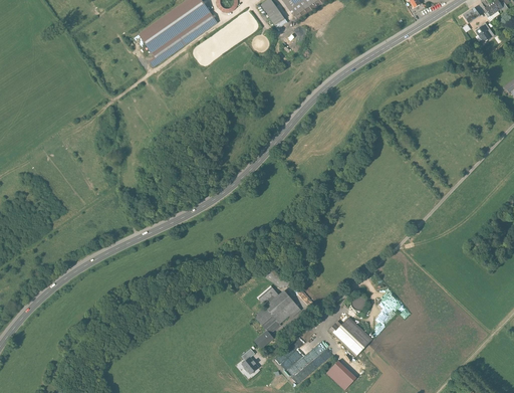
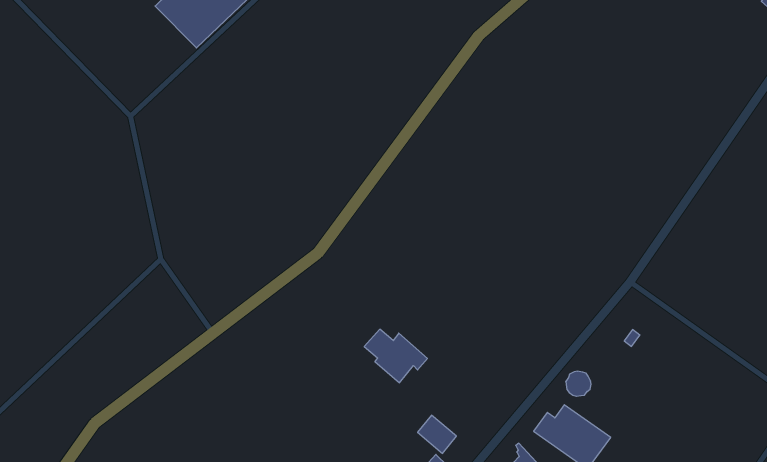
building: [262,288,299,323] -> [364,329,427,383]

